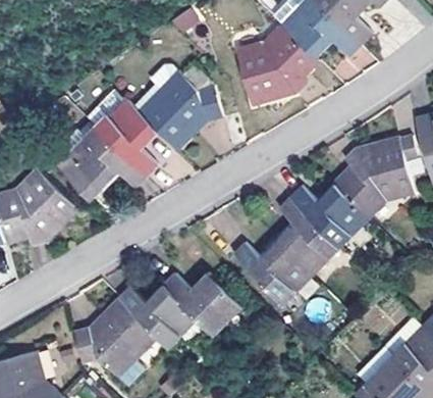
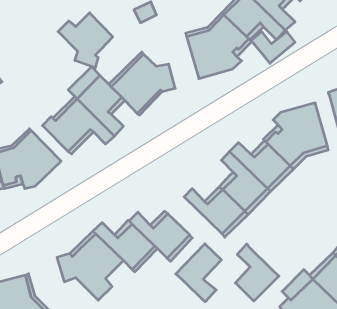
building: none -> [58,13,113,68]
building: none -> [176,244,221,302]
building: none -> [235,244,279,301]

